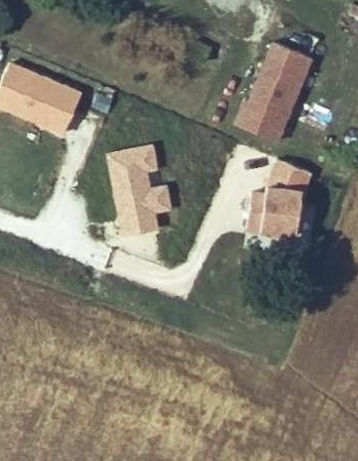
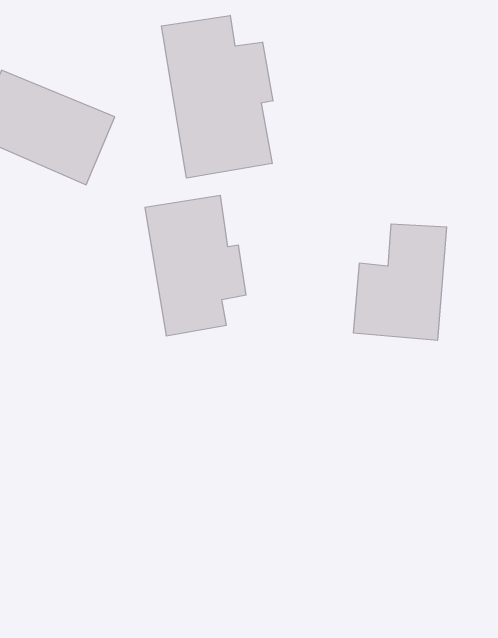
building: none -> [161,15,273,178]
building: [233,39,316,145] -> none

